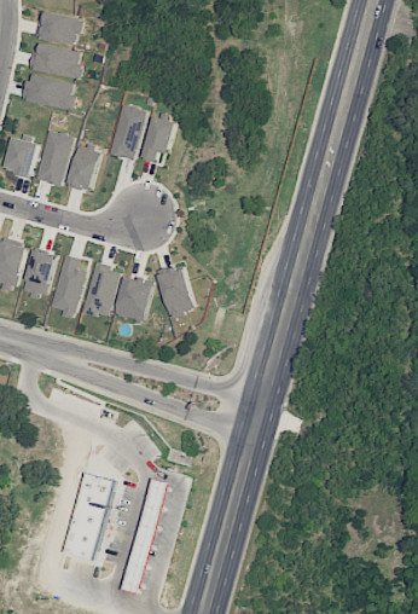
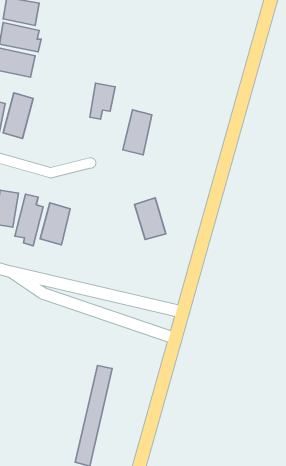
building: [109,105,145,161] -> [123,110,152,155]
building: [66,144,100,192] -> none
building: [156,265,195,317] -> [135,198,166,240]
building: [112,276,153,322] -> none
building: [62,473,115,560] -> none

